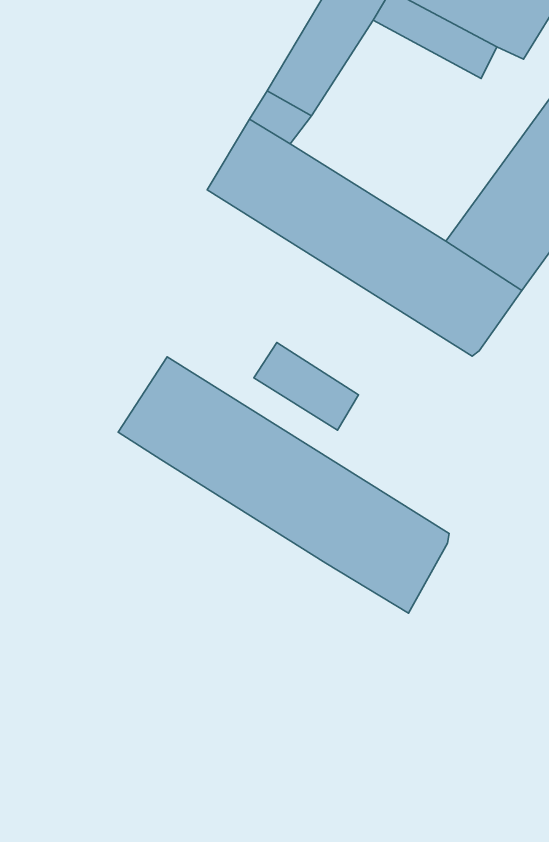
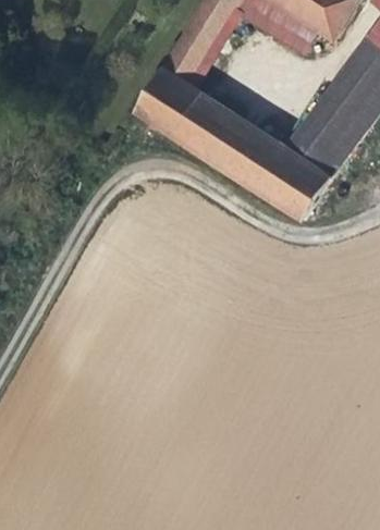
building: [254,343,359,430] -> none
building: [118,357,449,613] -> none

